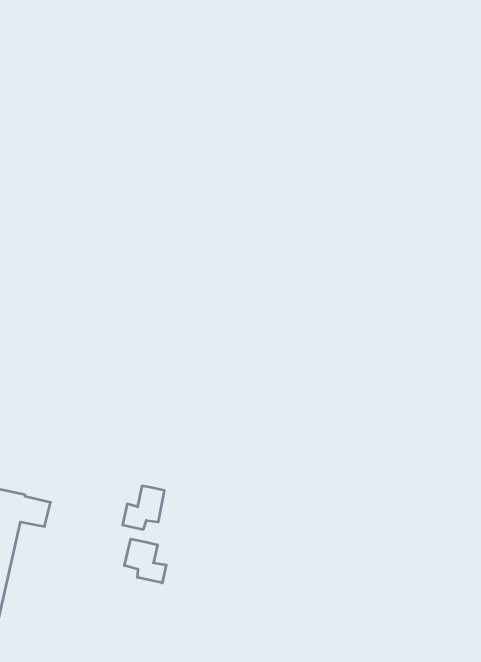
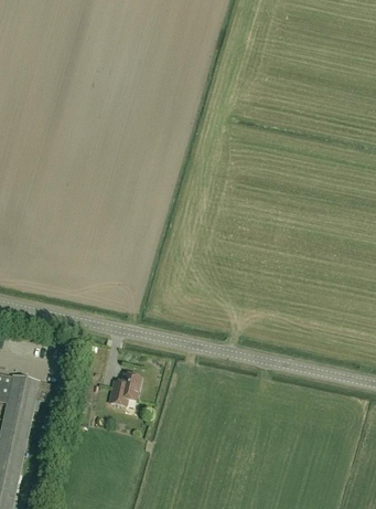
building: [124,539,166,583] -> none

